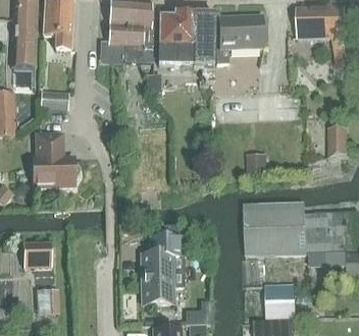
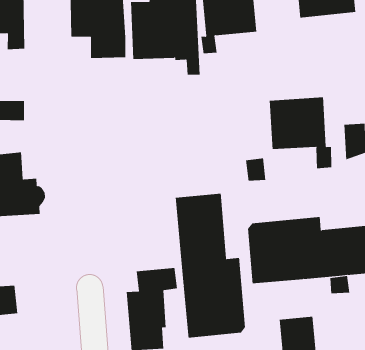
building: none -> [269,97,332,169]
building: none -> [175,193,245,338]

